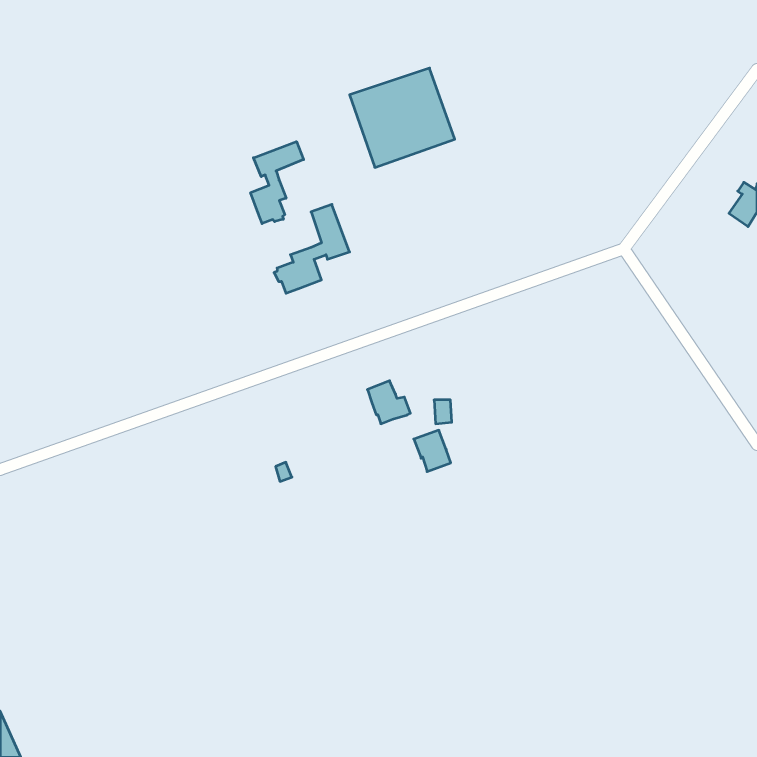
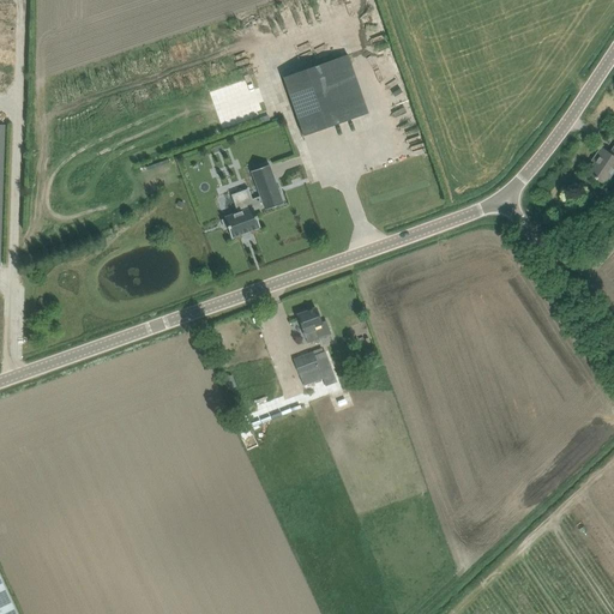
building: [251,142,304,224] -> none
building: [414,430,451,472] -> [293,353,323,386]

